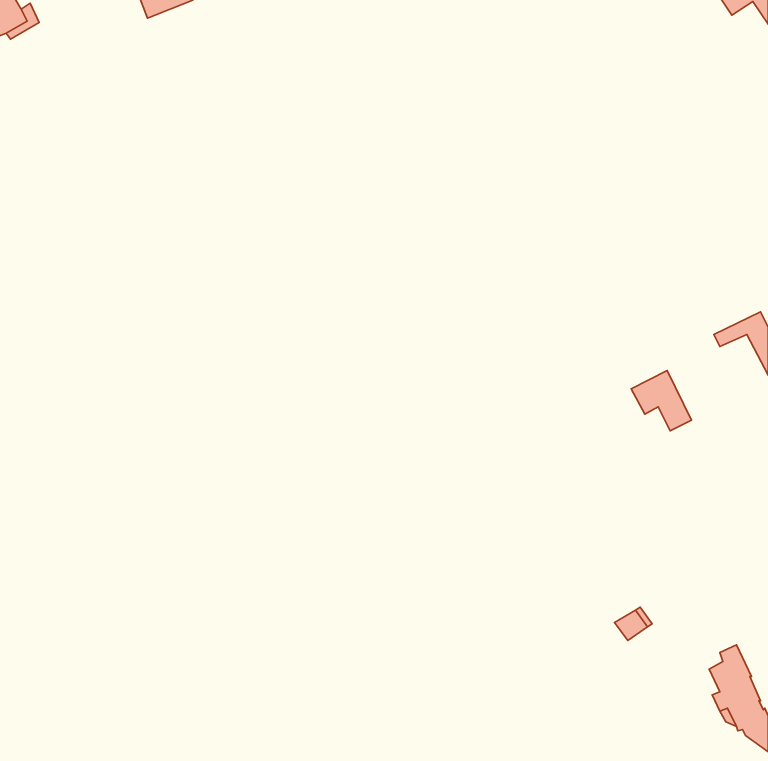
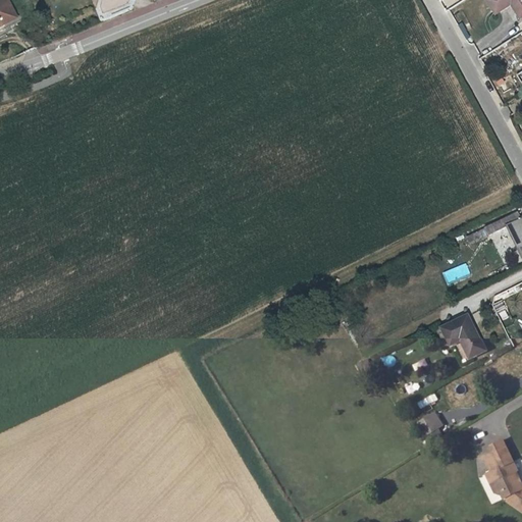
building: [631,371,691,431] -> [449,315,489,356]

